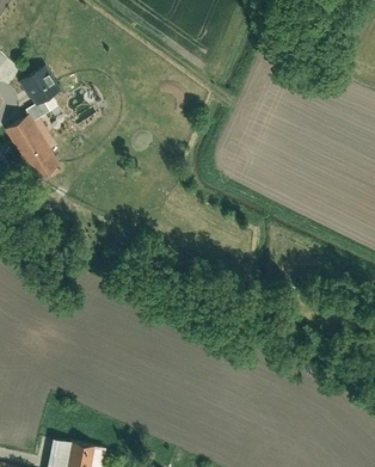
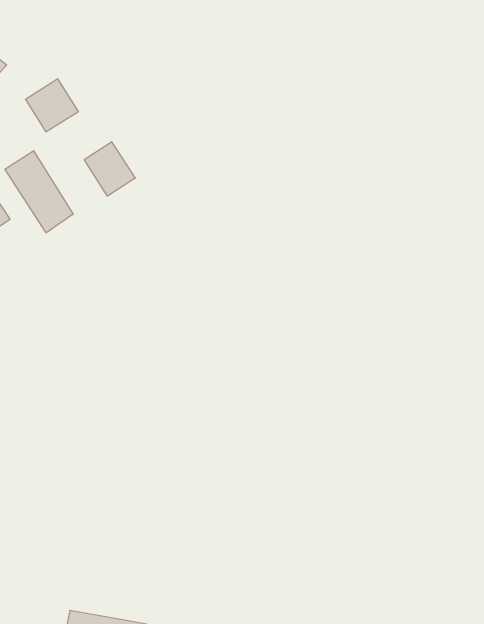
building: none -> [84,142,135,196]

